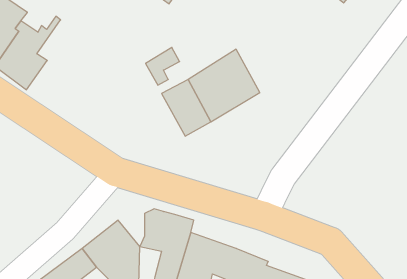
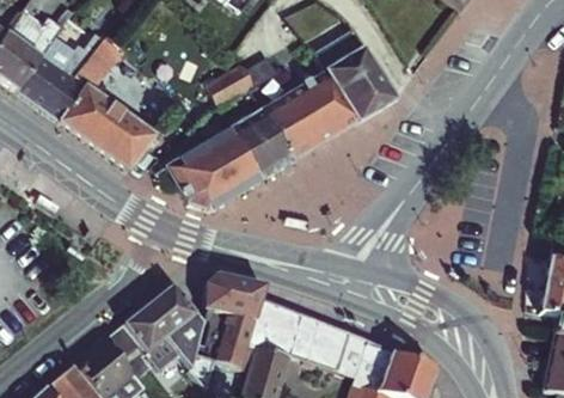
building: none -> [56,24,151,169]
building: none -> [309,25,390,123]
building: none -> [157,124,257,207]

